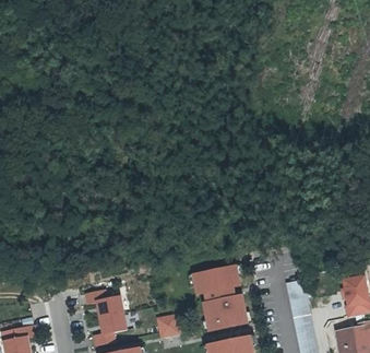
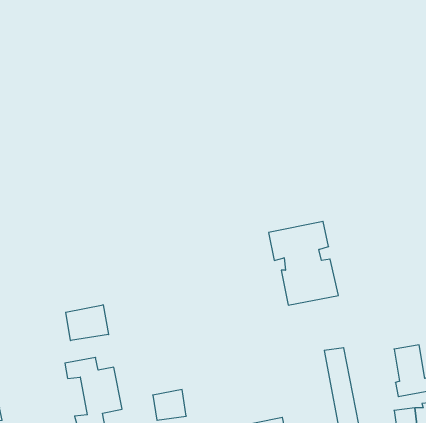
building: none -> [66,305,109,341]
building: [193,264,248,330] -> [269,221,338,305]

